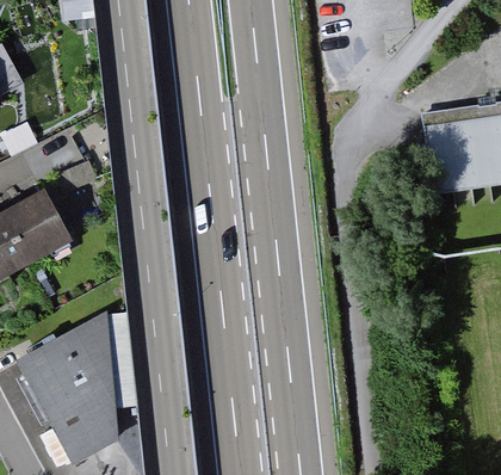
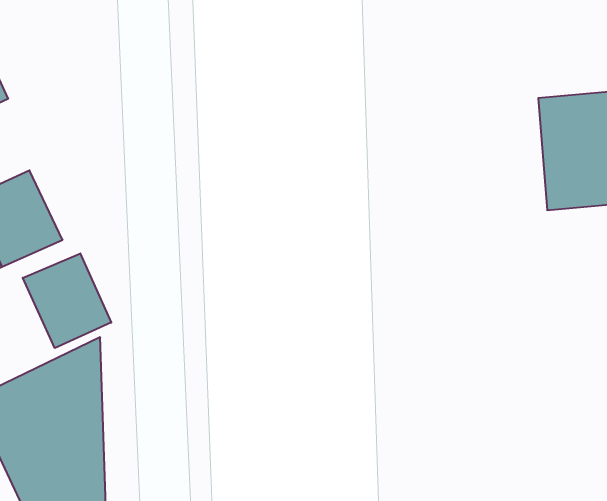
building: none -> [23,253,111,348]

